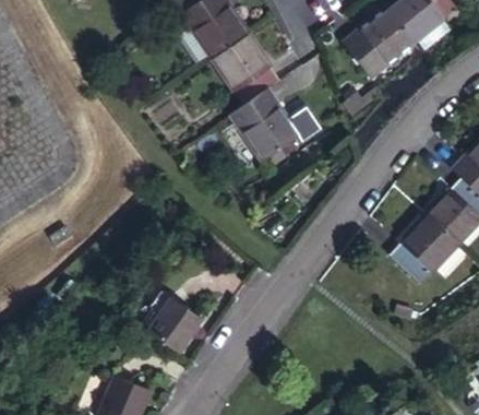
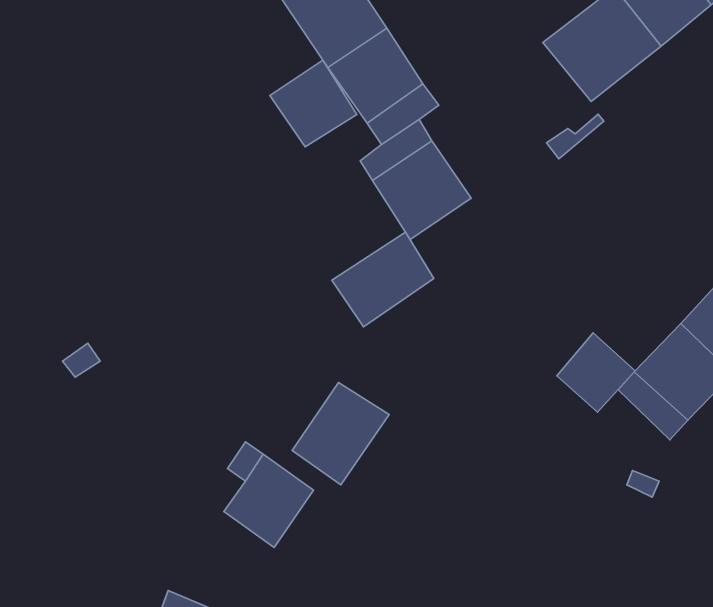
building: none -> [270,60,357,147]
building: none -> [332,232,434,327]
building: none -> [557,333,635,412]
building: none -> [292,382,389,485]

